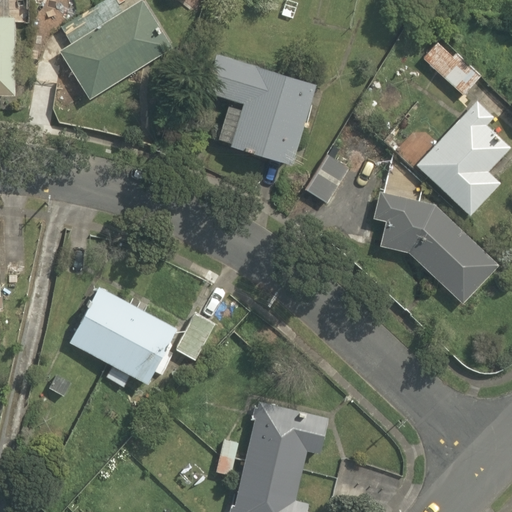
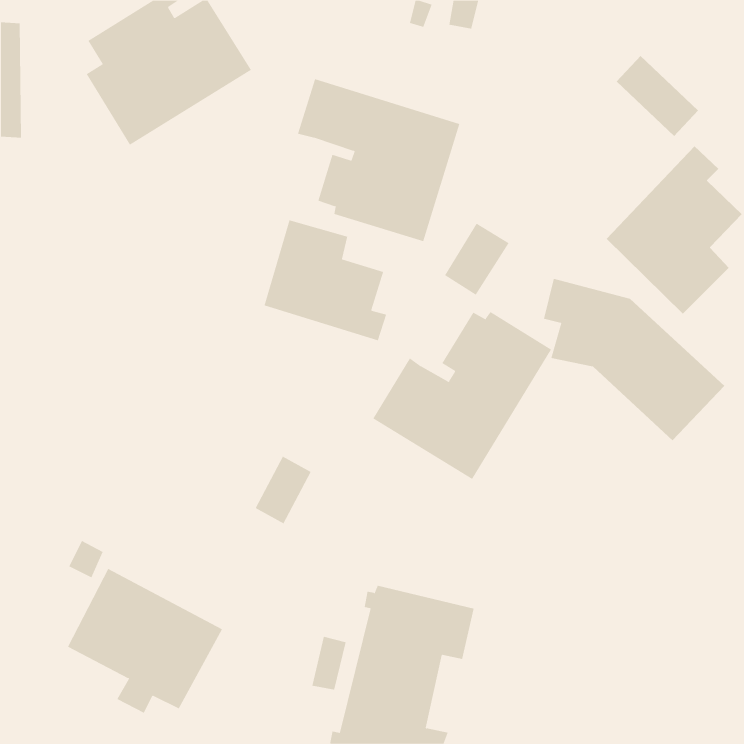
building: none -> [264,219,387,341]
building: none -> [373,311,552,480]
building: [70,287,177,387] -> [67,568,223,714]

